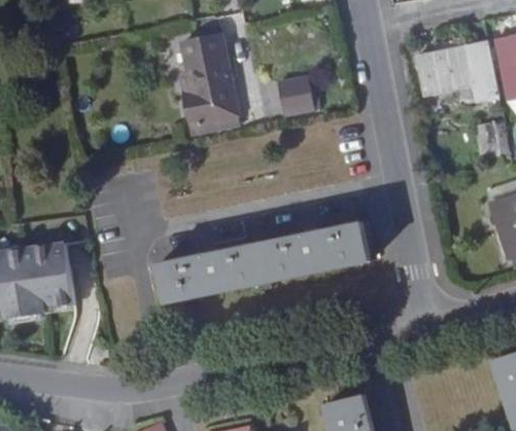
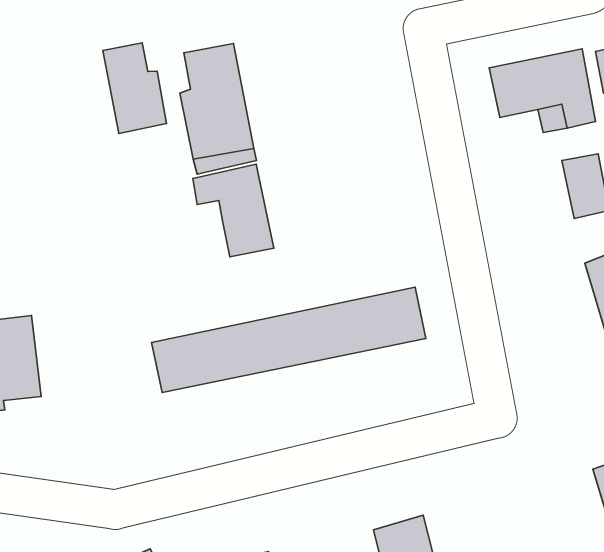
building: none -> [103,43,166,133]
building: [276,76,326,116] -> none
building: none -> [193,164,274,257]

